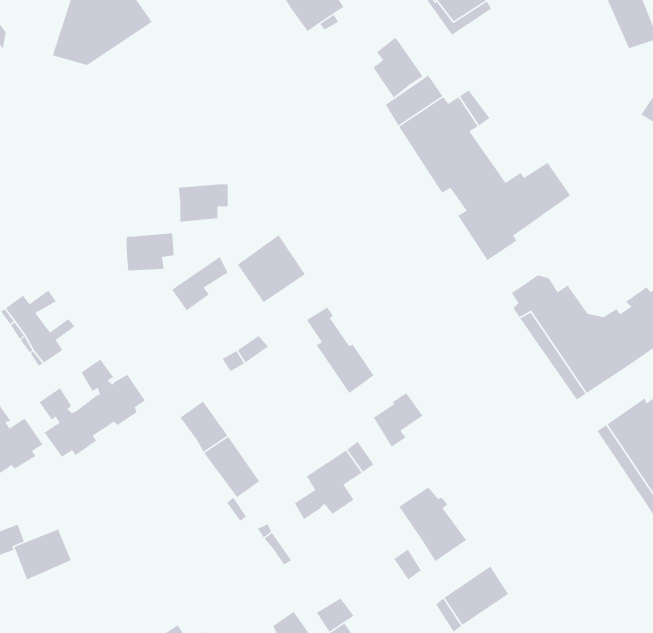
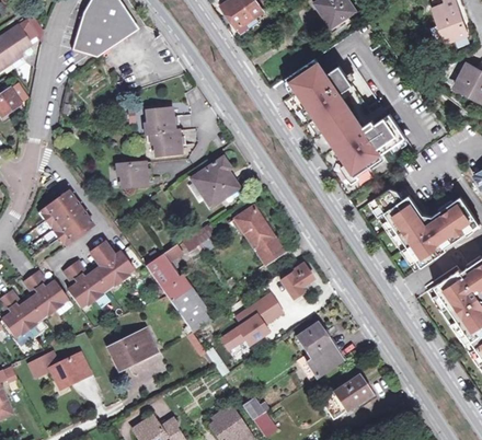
building: [373,37,423,99] -> none
building: none -> [151,106,183,130]
building: [171,256,228,311] -> [146,244,183,280]
building: none -> [107,328,154,369]

